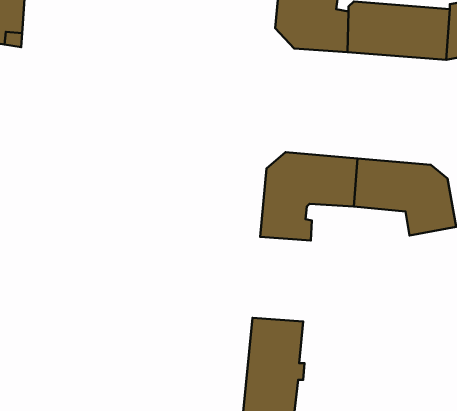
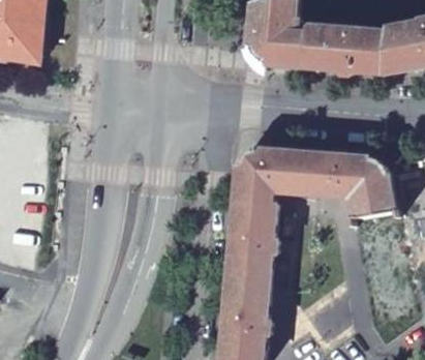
building: none -> [226,217,276,287]

